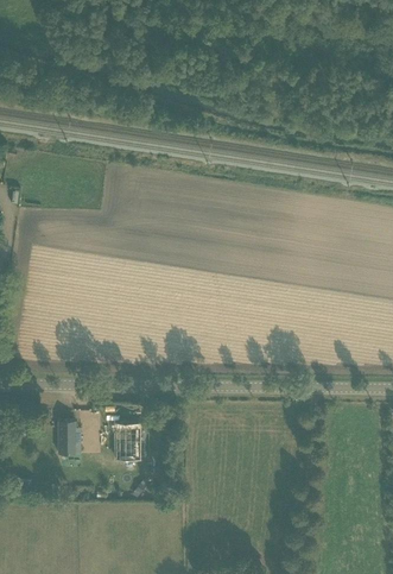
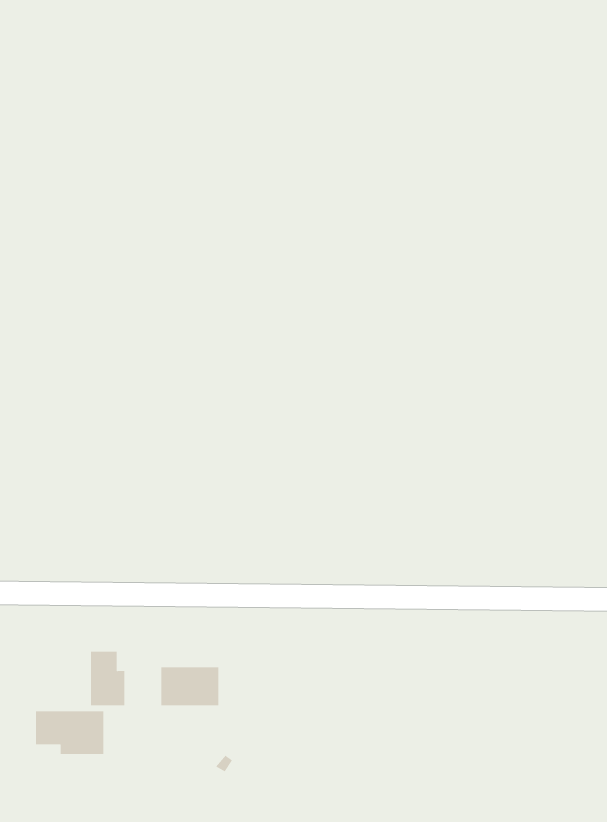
building: none -> [36,710,104,755]

